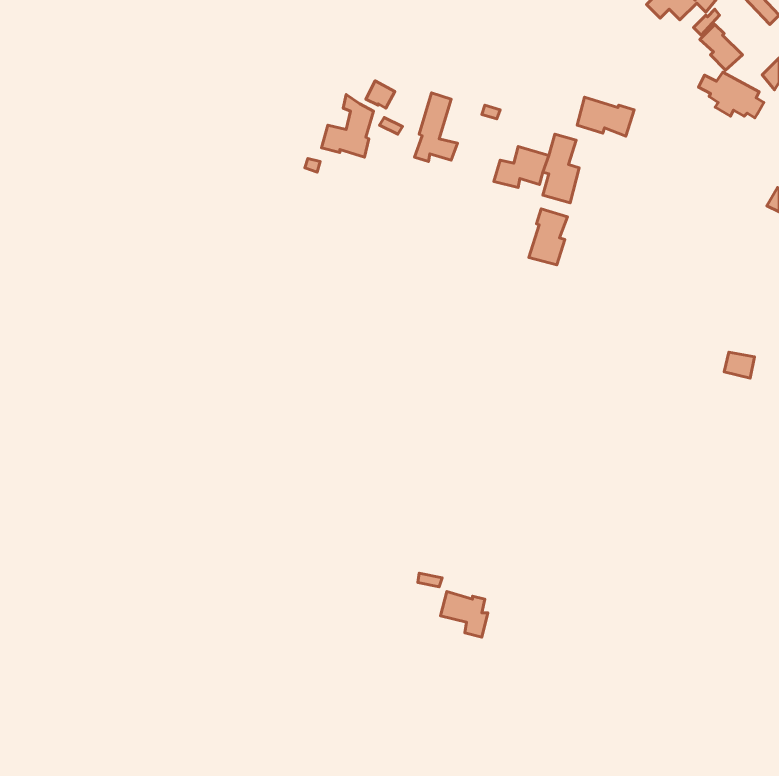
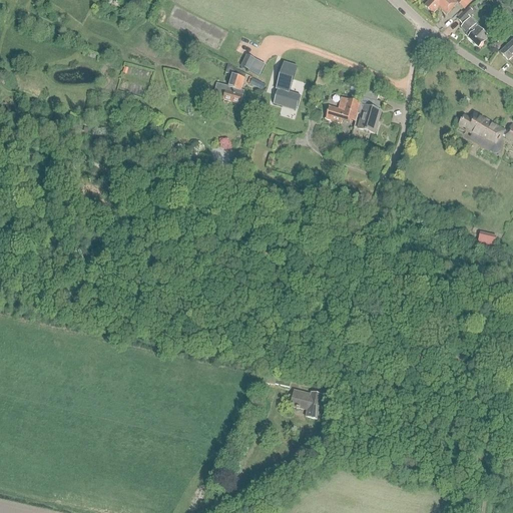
building: [698,72,764,118] -> [459,113,502,143]
building: [577,97,634,136] -> none
building: [529,209,568,265] -> none

